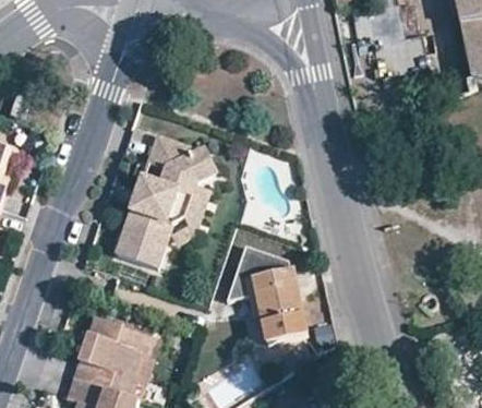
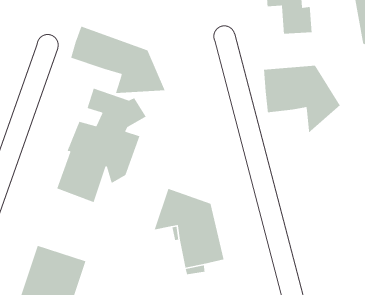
building: none -> [70,26,166,94]
building: none -> [263,65,341,134]

